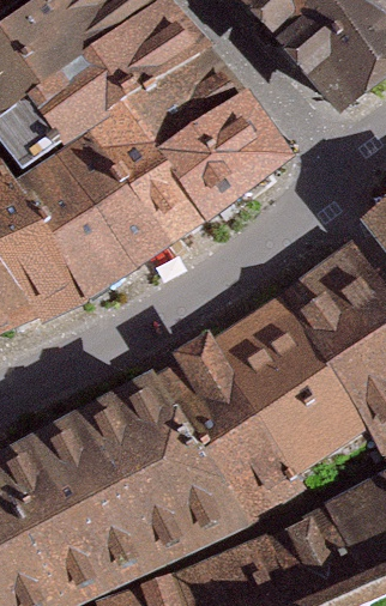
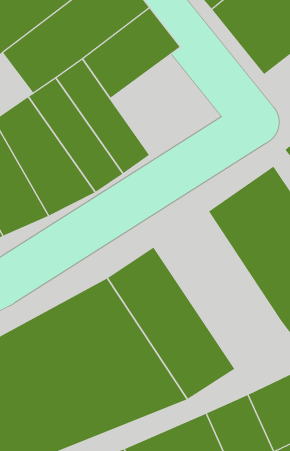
building: [155,91,290,222] -> none
building: [207,290,361,466] -> none

